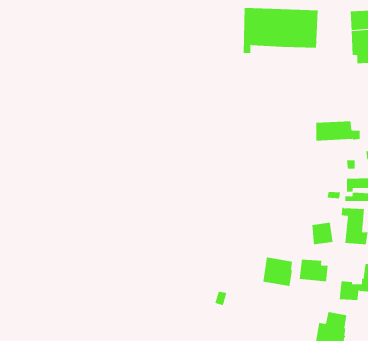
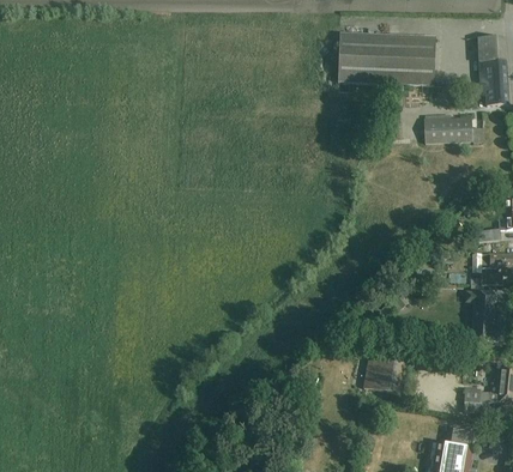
building: [315,121,361,141] -> [424,116,483,143]
building: [312,222,333,245] -> none
building: [299,259,328,282] -> none

